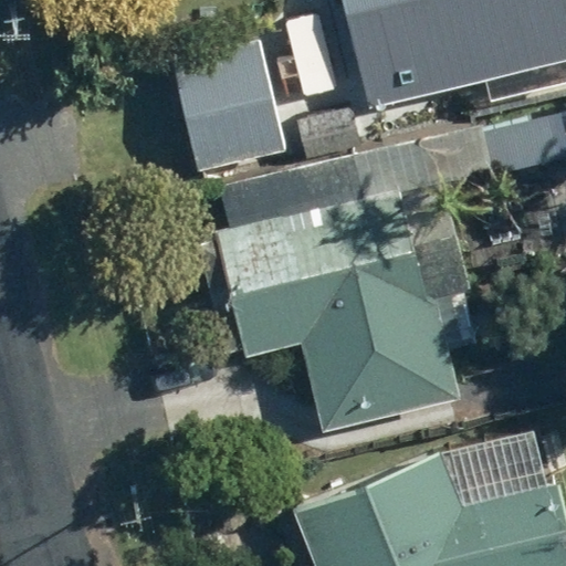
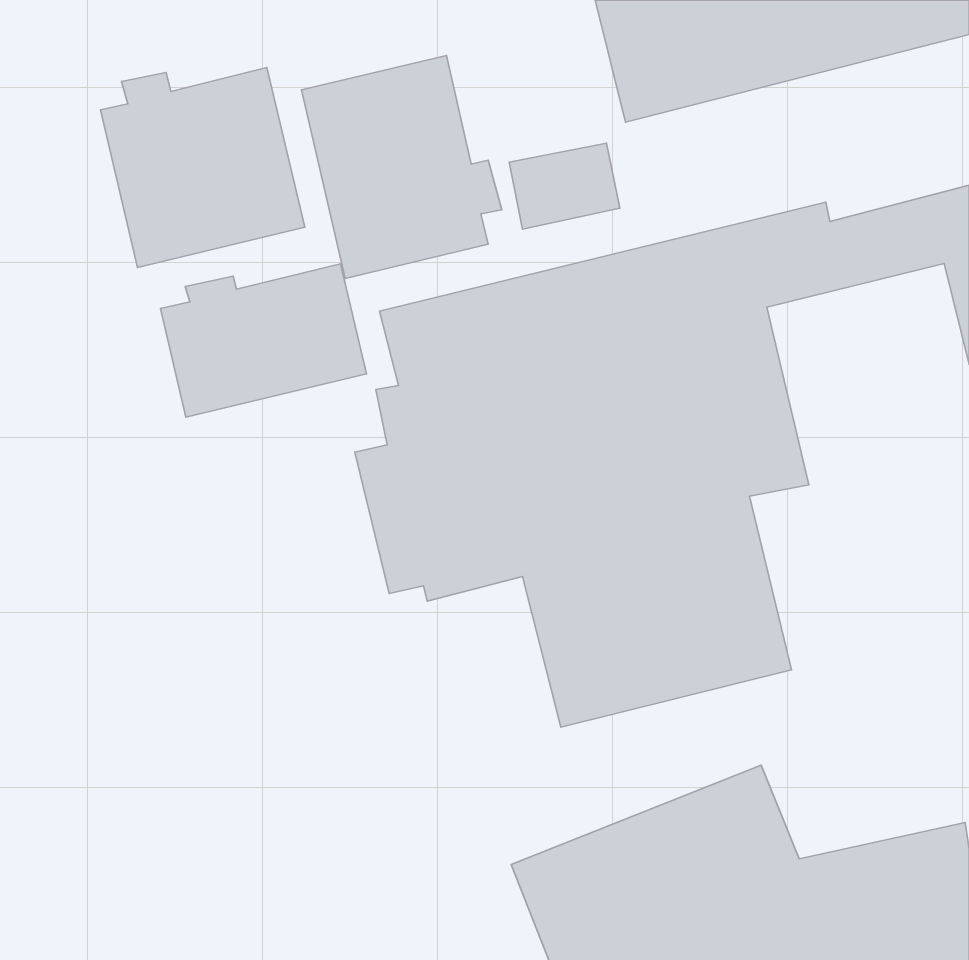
building: none -> [101,68,305,268]
building: none -> [160,264,366,417]

